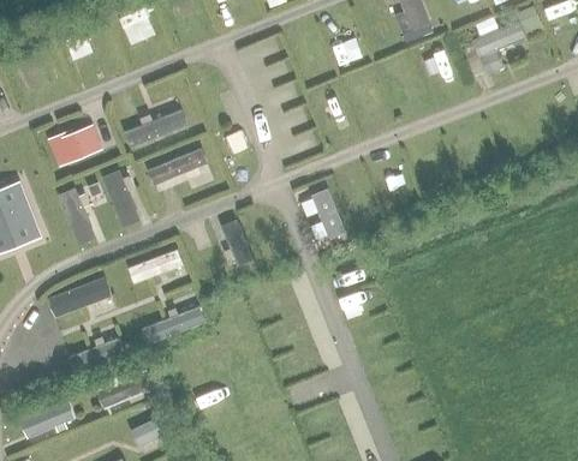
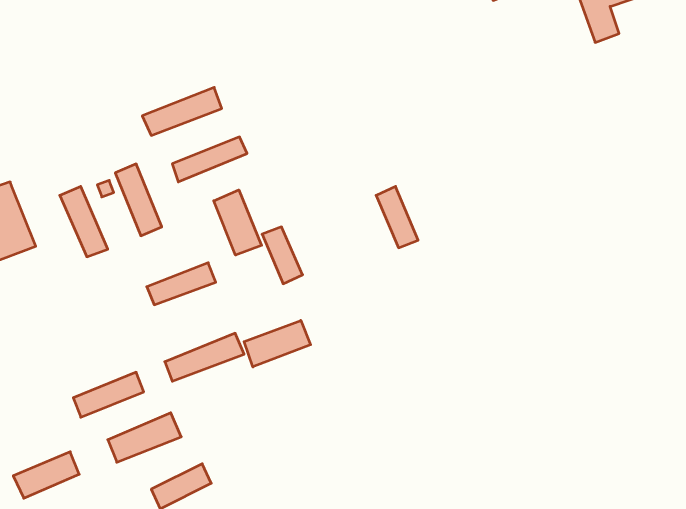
building: [52,132,102,166] -> none
building: none -> [214,190,262,255]
building: [48,275,112,316] -> none
building: none -> [244,320,311,367]

